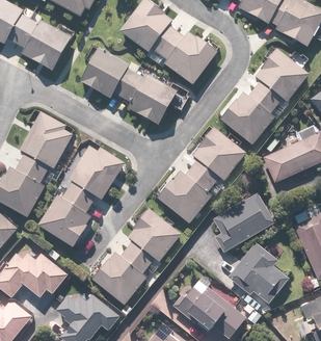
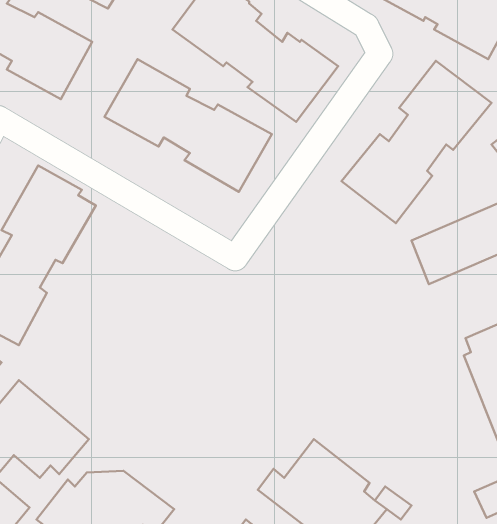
building: [157,127,246,225] -> none
building: [38,146,125,247] -> none
building: [213,191,275,253] -> none
building: [92,208,182,306] -> none
building: [226,239,290,305] -> none

